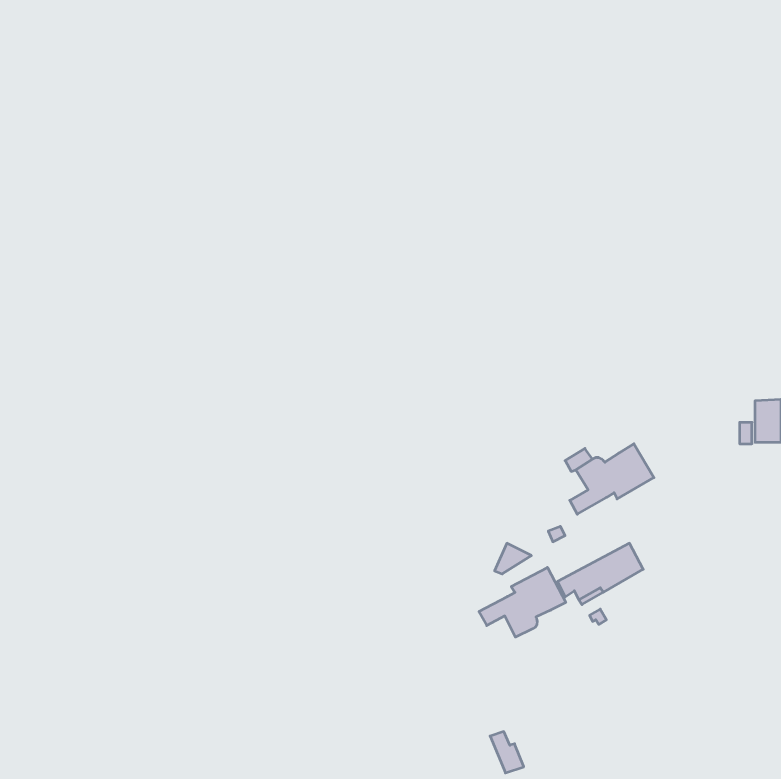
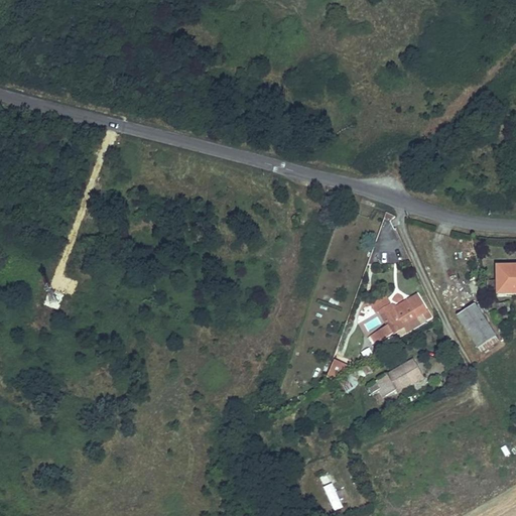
building: none -> [457,300,499,350]
building: [479,567,566,637] -> none

